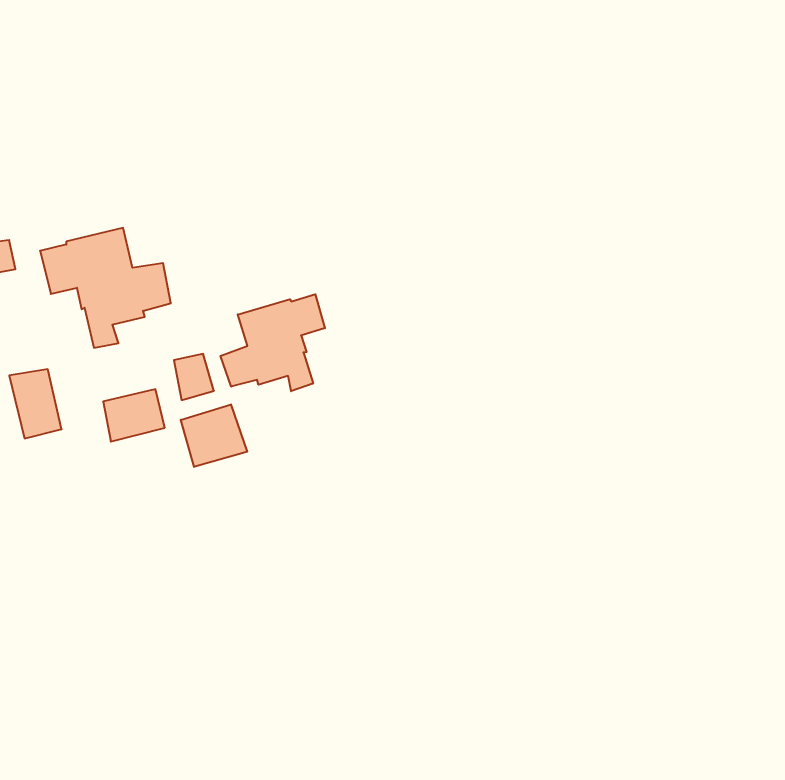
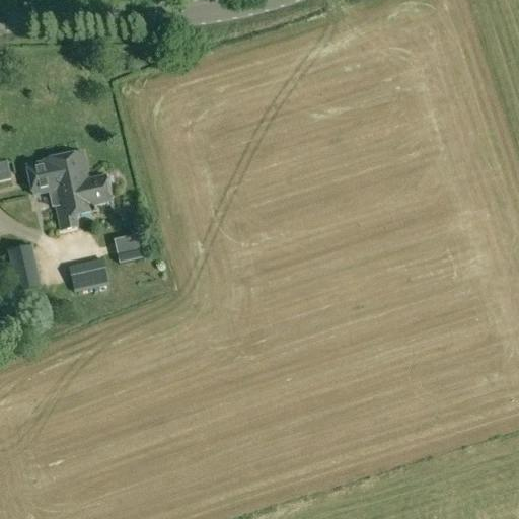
building: [220,294,325,391] -> none
building: [181,404,247,467] -> none

